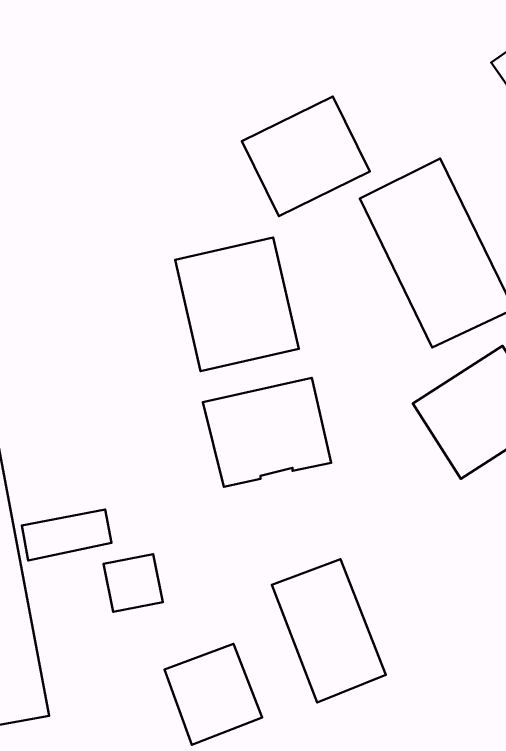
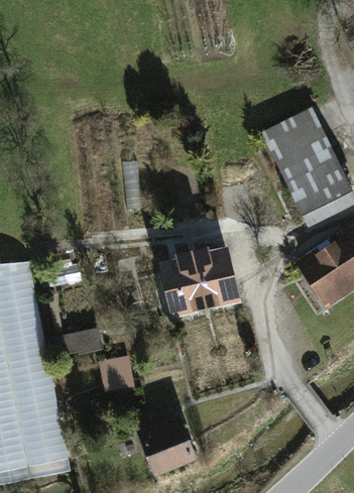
building: [242,97,370,216] -> none
building: [175,238,299,371] -> none
building: [272,559,386,702] -> none

